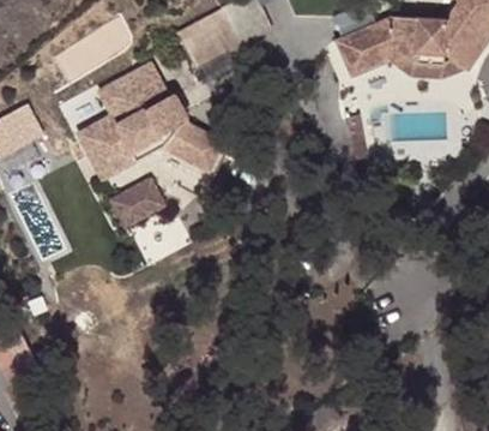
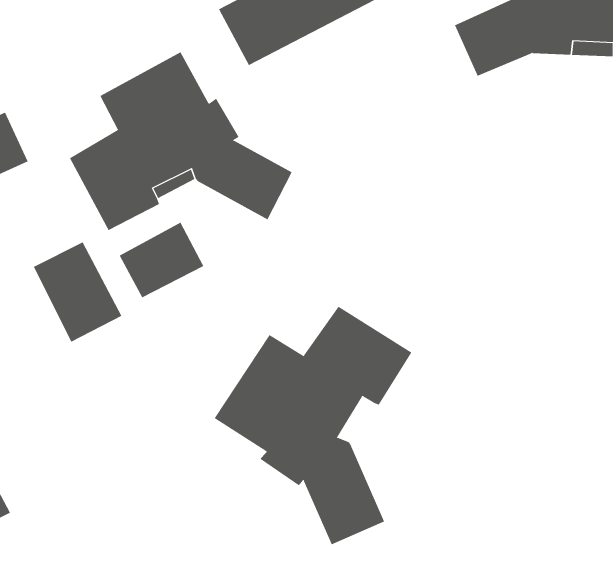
building: none -> [33,242,122,343]
building: none -> [214,306,412,545]

